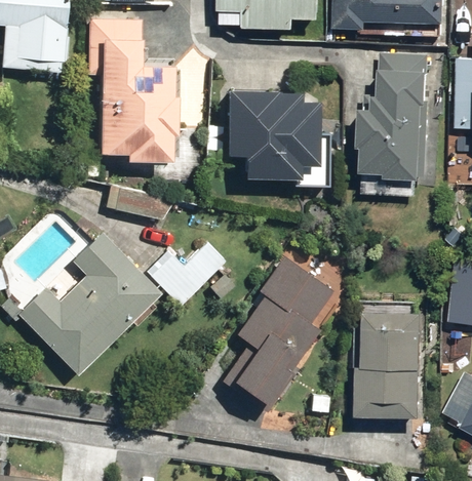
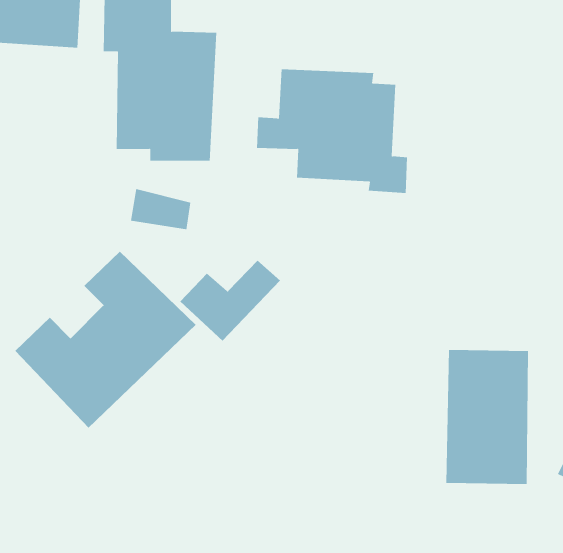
building: [360,51,429,194] -> none
building: [225,257,333,403] -> none

